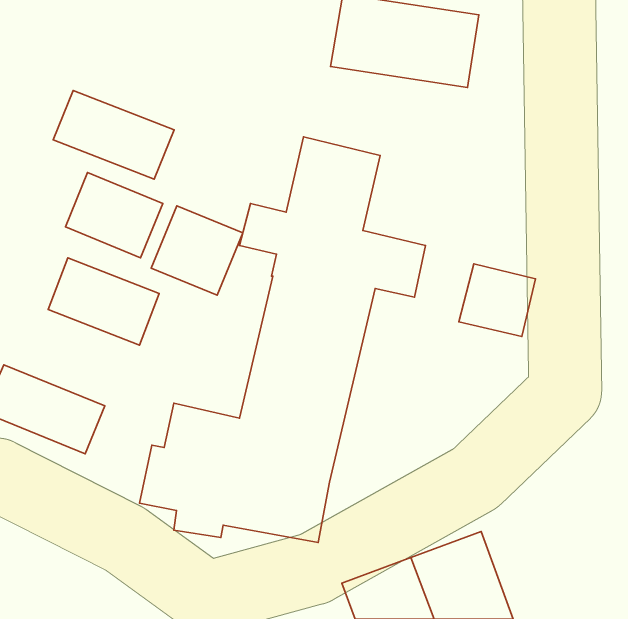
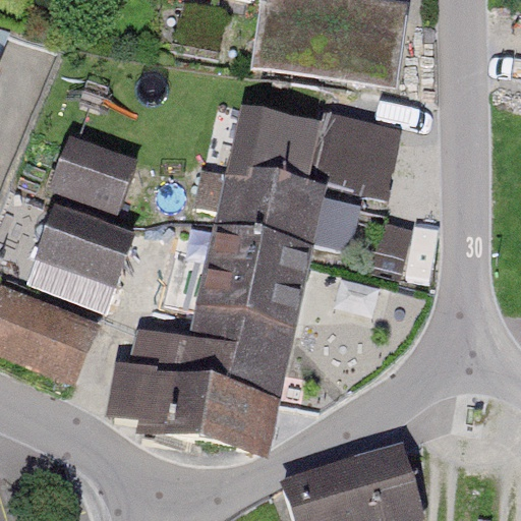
building: [53,90,174,179] -> none
building: none -> [312,112,394,195]
building: [151,206,243,295] -> none

